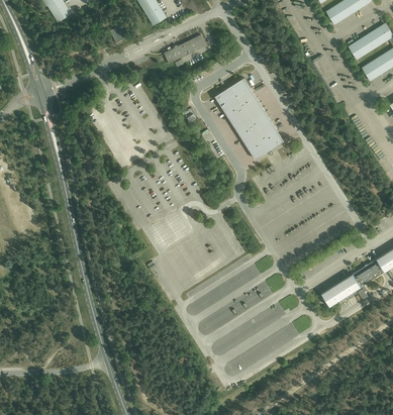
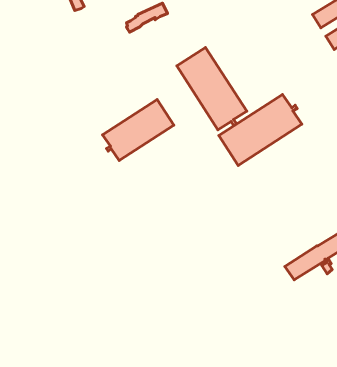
building: none -> [219,94,302,165]
building: none -> [102,99,174,160]

